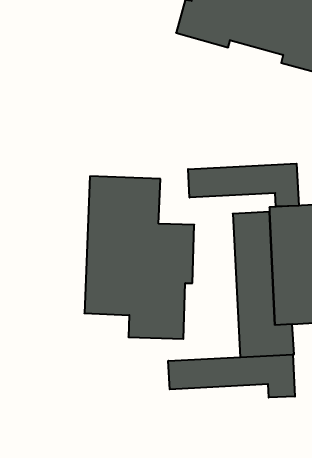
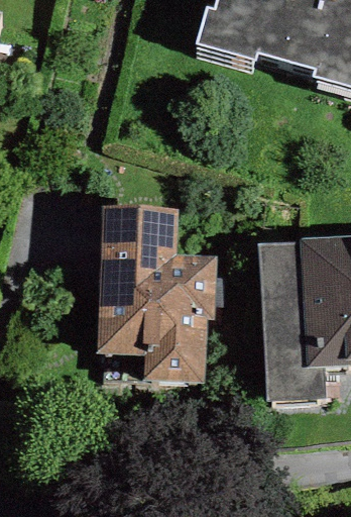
building: [188,164,299,207] -> none
building: [168,354,295,398] -> none

